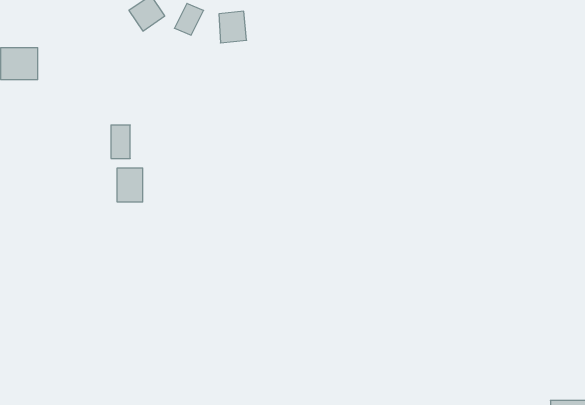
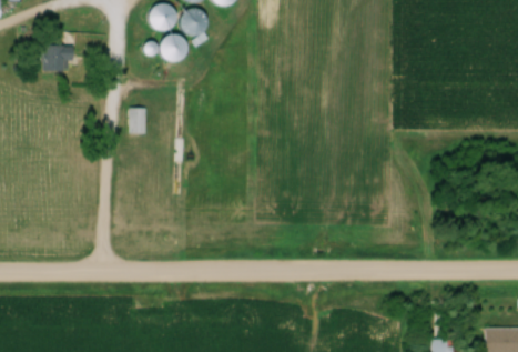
building: [219,11,247,43] -> [159,34,181,60]
building: [117,168,143,202] -> none

